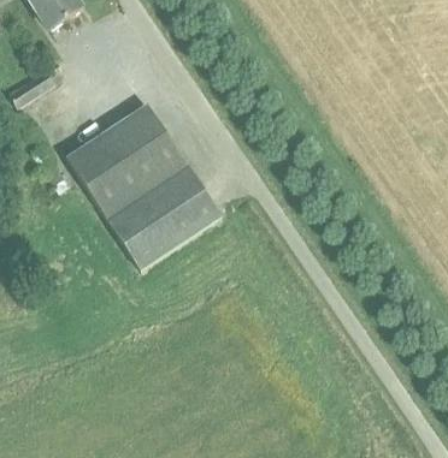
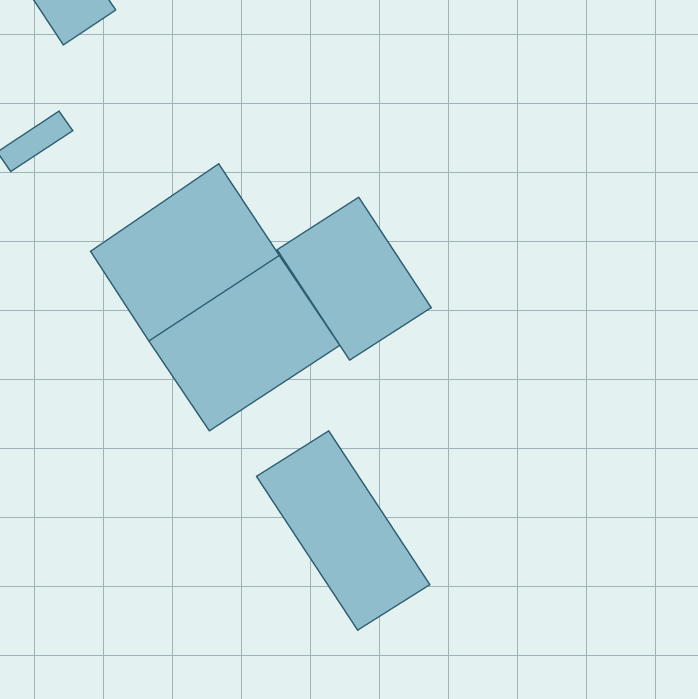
building: none -> [277,197,431,360]
building: none -> [257,431,430,630]

